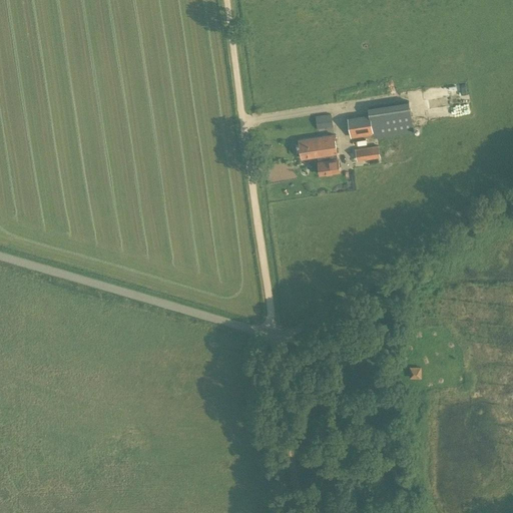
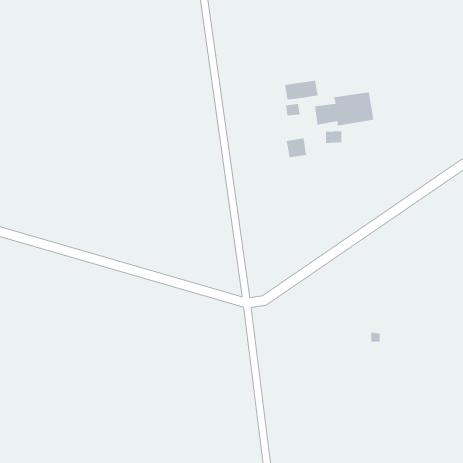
building: [298,136,336,158] -> [284,80,319,100]

